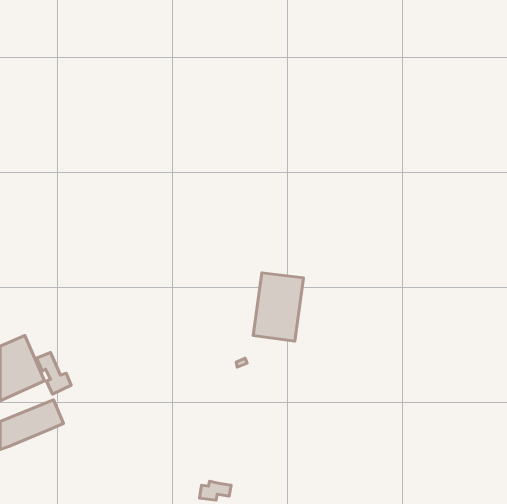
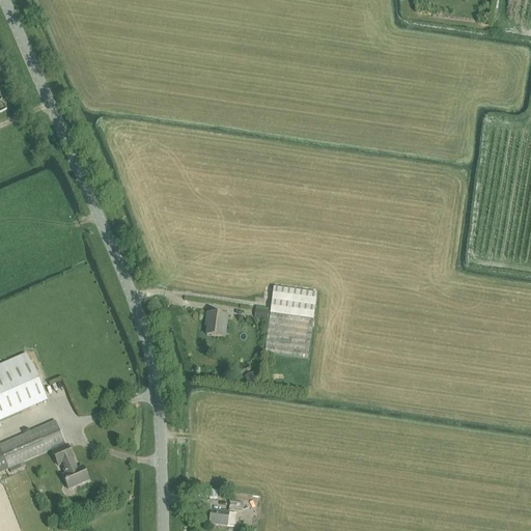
building: none -> [205,311,227,335]
building: [37,352,71,394] -> [52,443,88,486]

